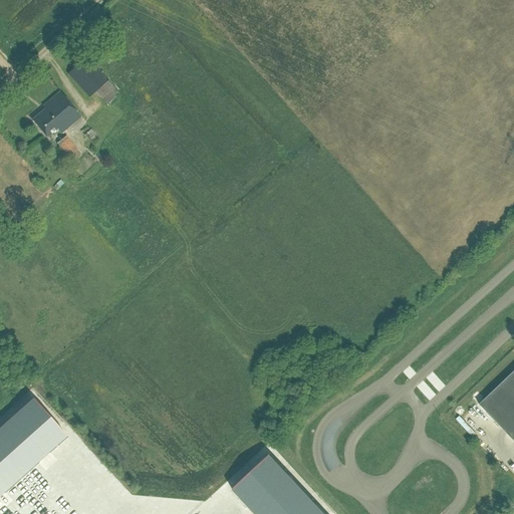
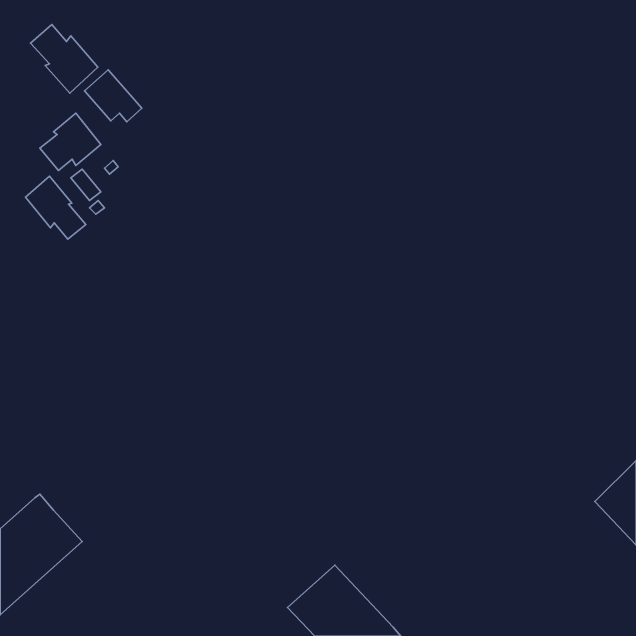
building: none -> [31,25,98,93]
building: none -> [26,176,86,239]

